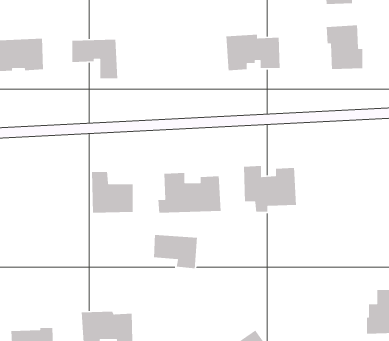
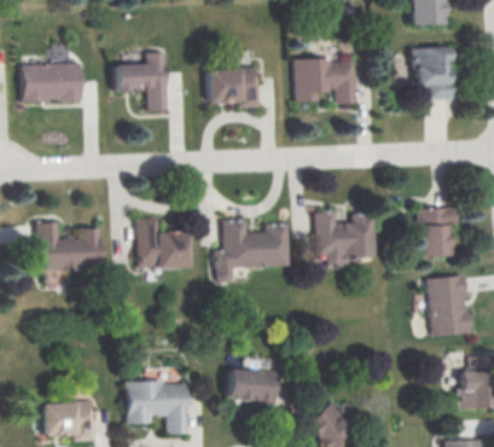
building: none -> [207,66,258,106]
building: none -> [415,208,455,256]
building: none -> [36,221,101,269]
building: none -> [428,275,470,336]
building: [153,234,198,269] -> [223,368,275,410]

